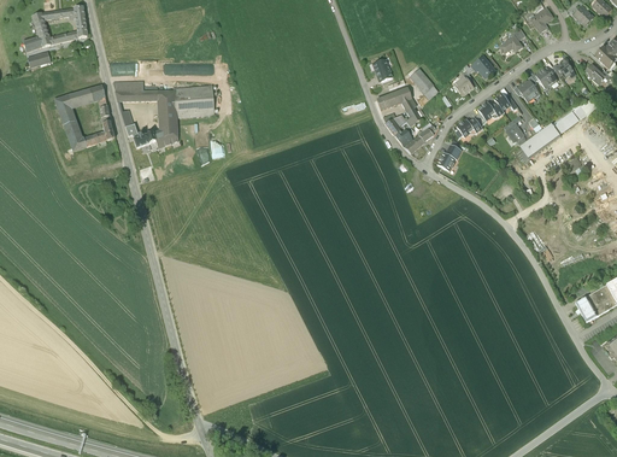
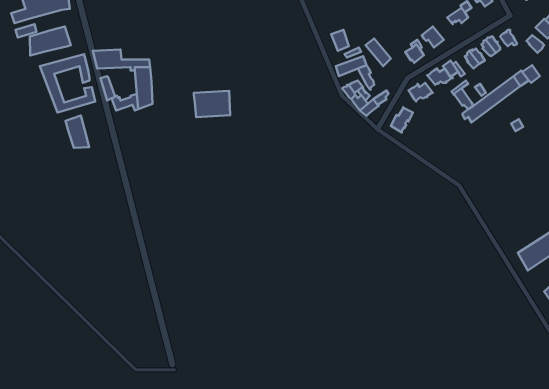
building: none -> [30,27,71,56]
building: [174,87,213,116] -> [194,91,230,117]
building: none -> [66,116,89,148]

